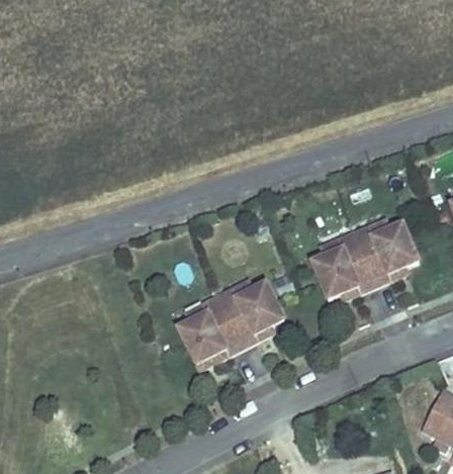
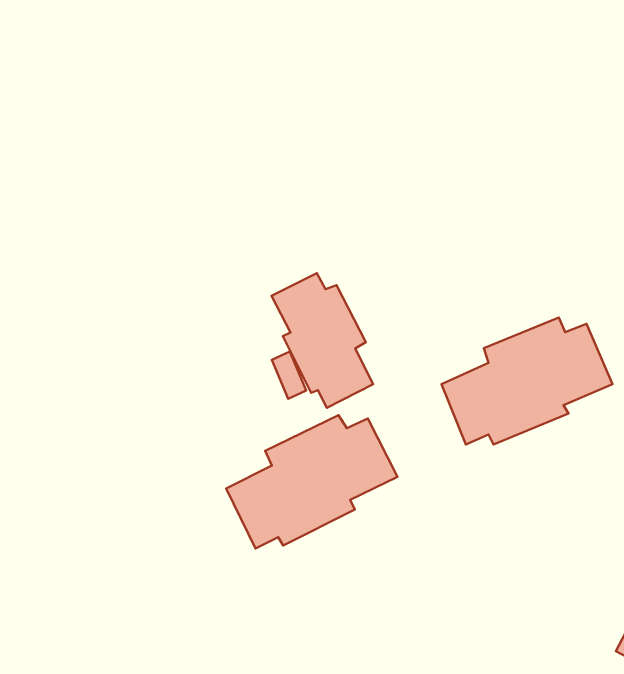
building: none -> [271,273,373,408]

